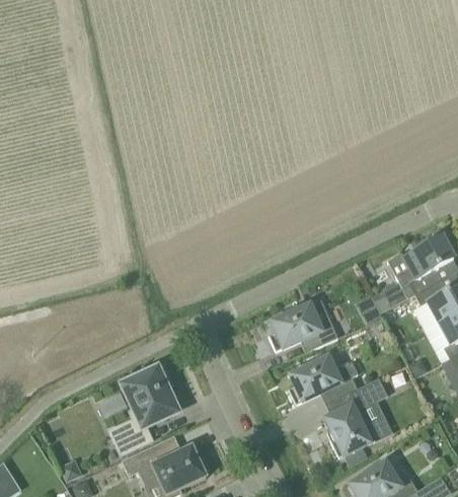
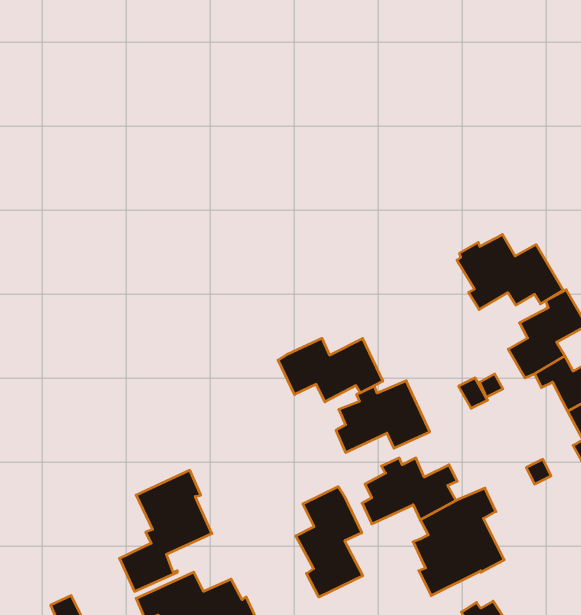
building: none -> [457,234,563,310]
building: none -> [278,338,383,402]
building: none -> [296,487,363,597]

